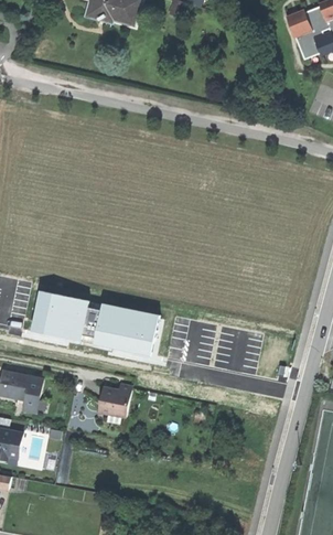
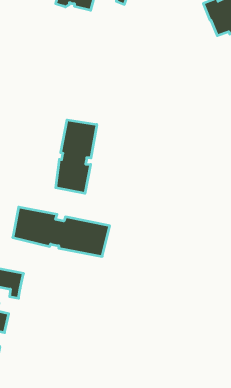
building: none -> [56,120,97,193]
building: [99,385,132,417] -> none

